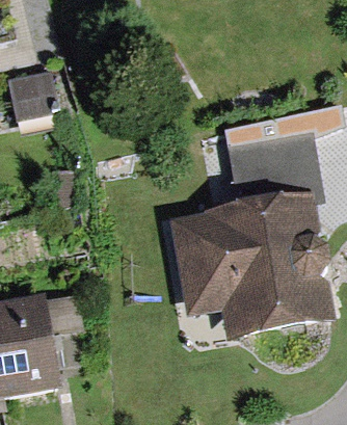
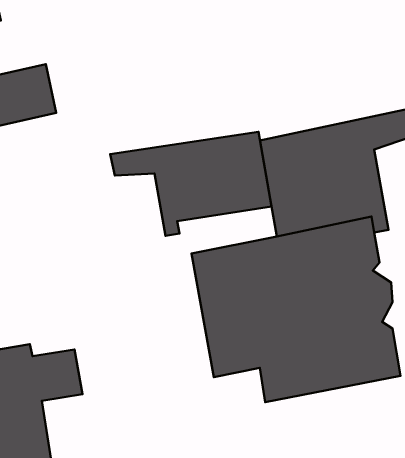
building: none -> [110,132,272,236]

